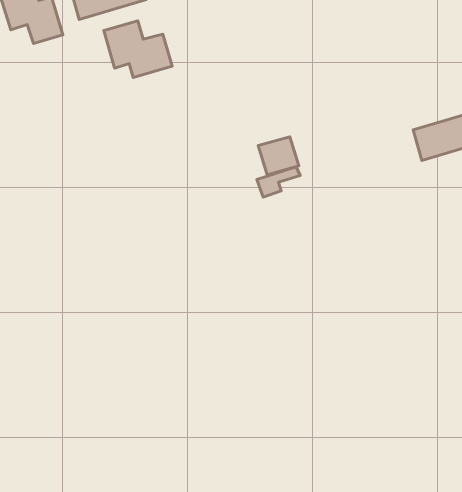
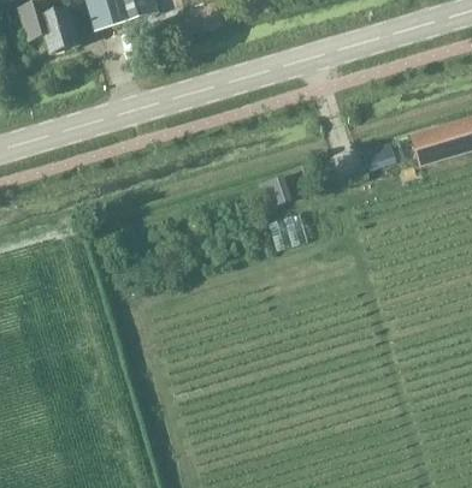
building: [104,21,172,78] -> none
building: [258,137,299,175] -> [267,213,306,249]

